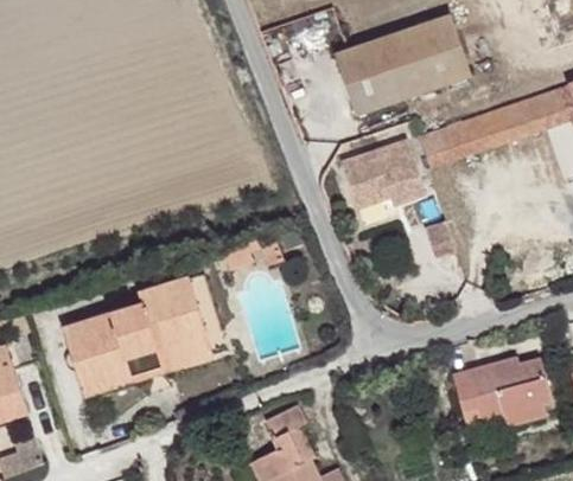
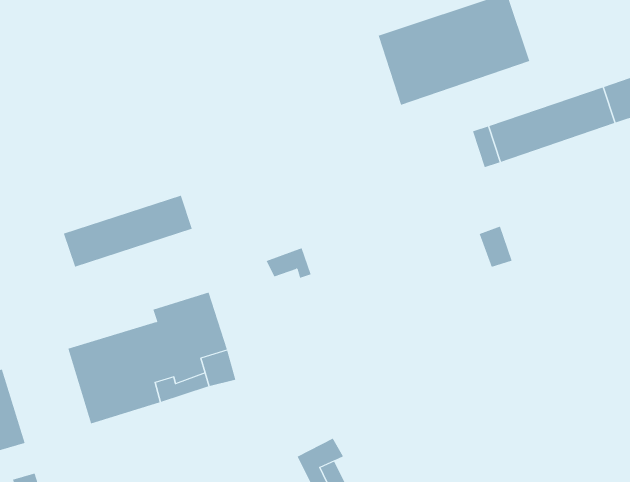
building: [343,140,427,209] -> none
building: none -> [63,195,193,268]
building: [452,357,552,425] -> none

